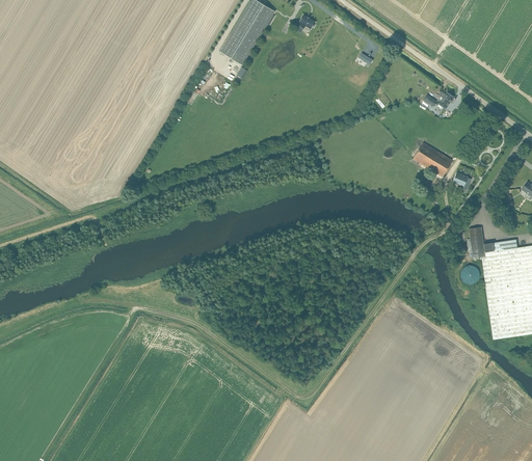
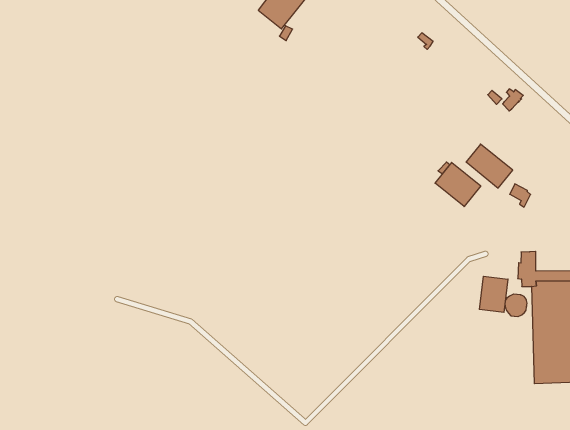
building: none -> [435,162,481,207]
building: none -> [479,276,508,312]

